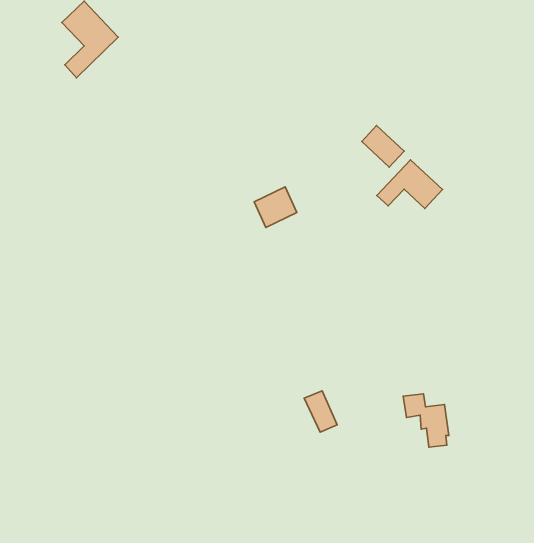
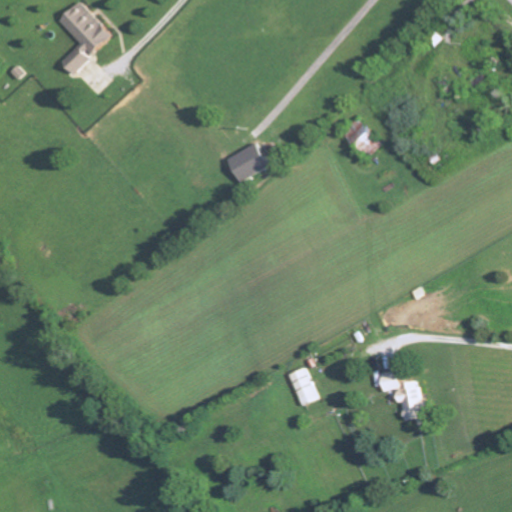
building: [377,160,443,209] -> none
building: [254,187,297,227] -> [226,143,266,181]

